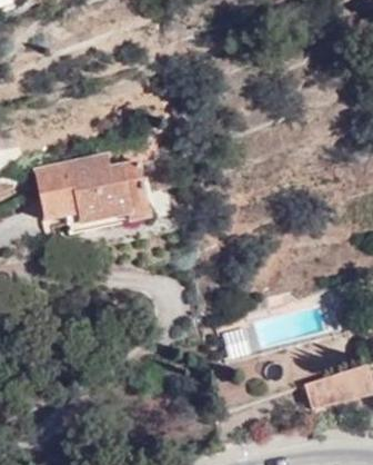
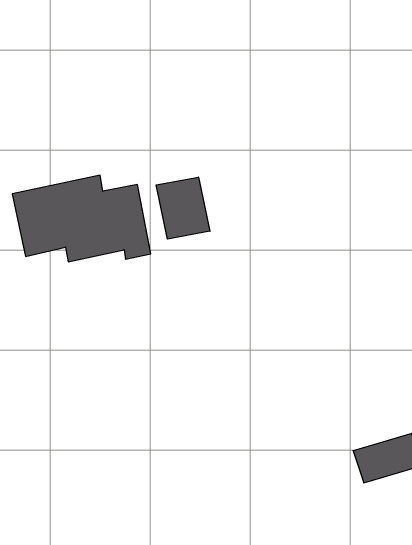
building: none -> [156,177,210,239]

